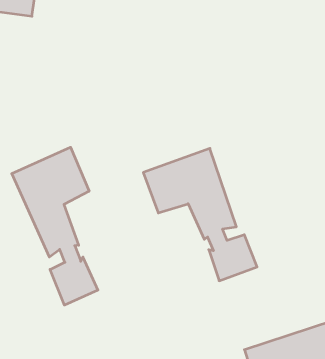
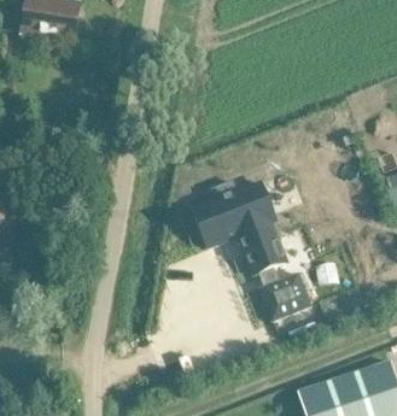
building: [12,147,98,305] -> none

